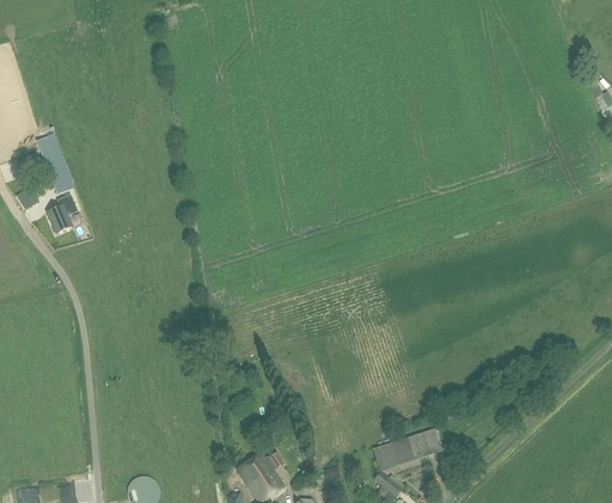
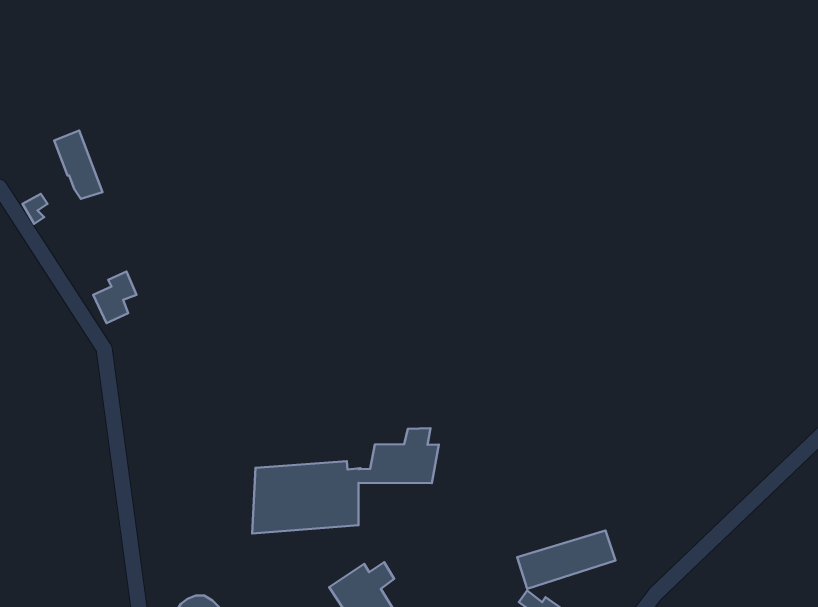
building: [47,195,78,232] -> [93,272,137,323]
building: none -> [252,428,439,534]

